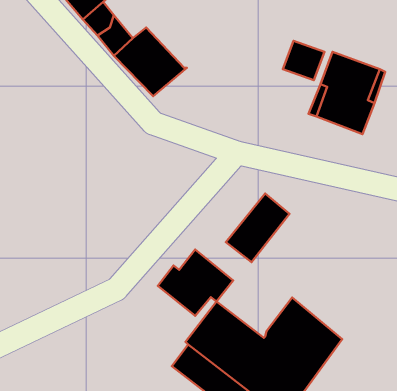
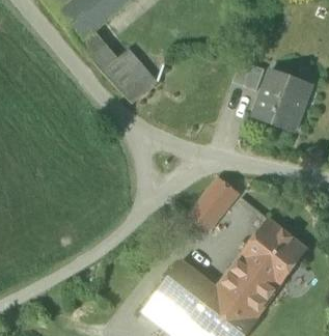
building: none -> [239,218,306,289]
building: [158,250,233,316] -> none

